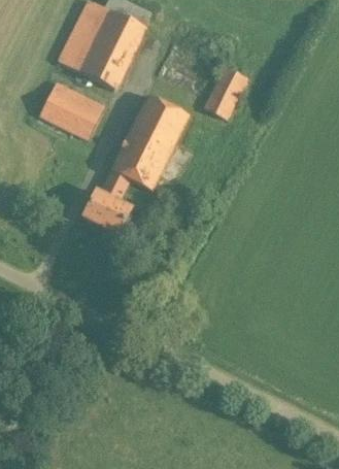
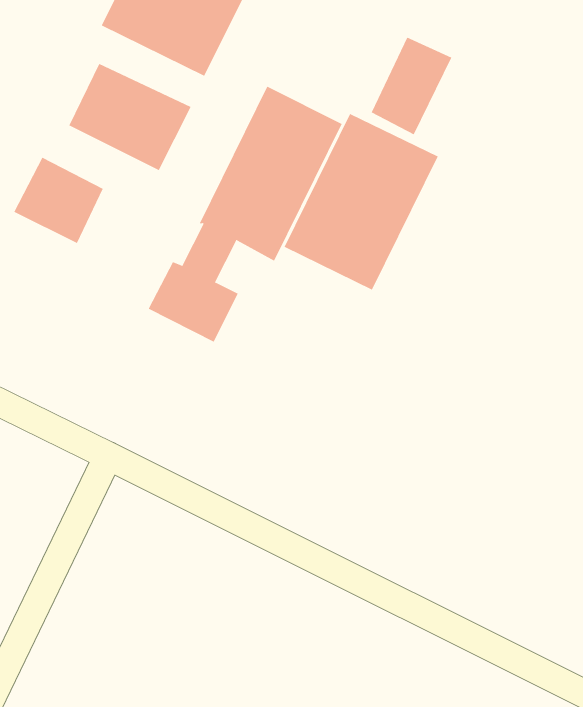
building: none -> [284,113,438,290]
building: none -> [14,157,103,244]

